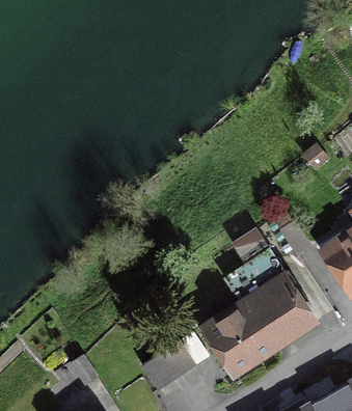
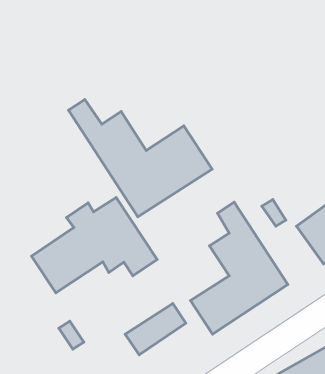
building: none -> [68,99,212,217]
building: none -> [31,197,157,293]

